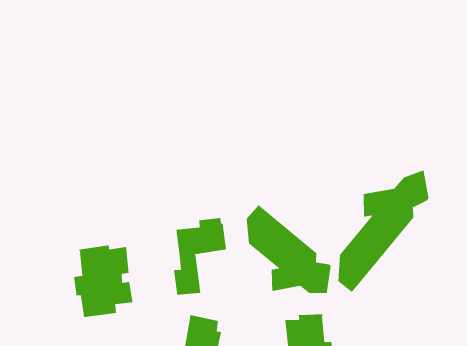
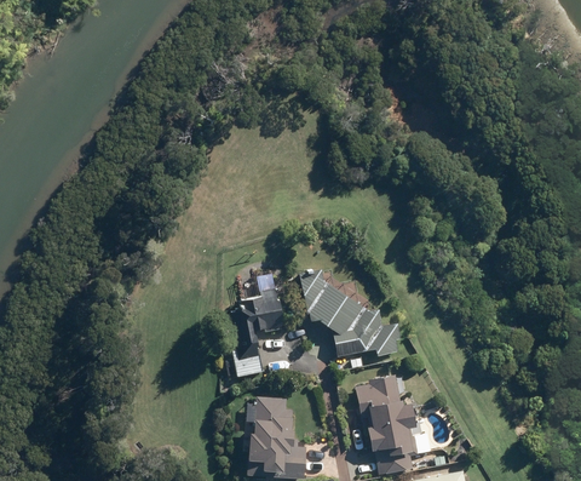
building: [338,170,429,293] -> none
building: [74,244,133,318] -> none

